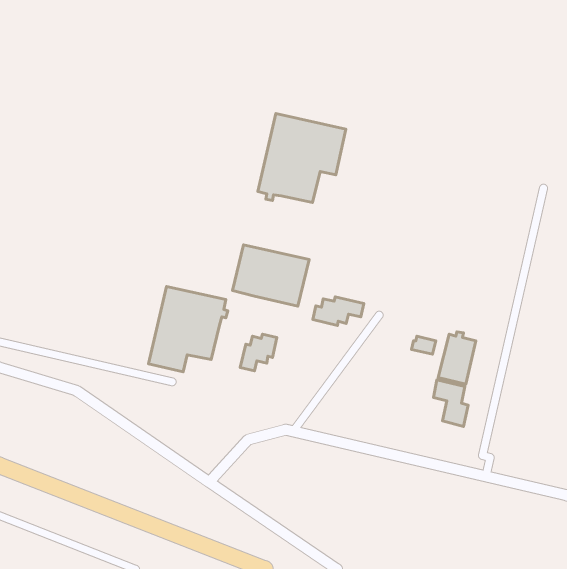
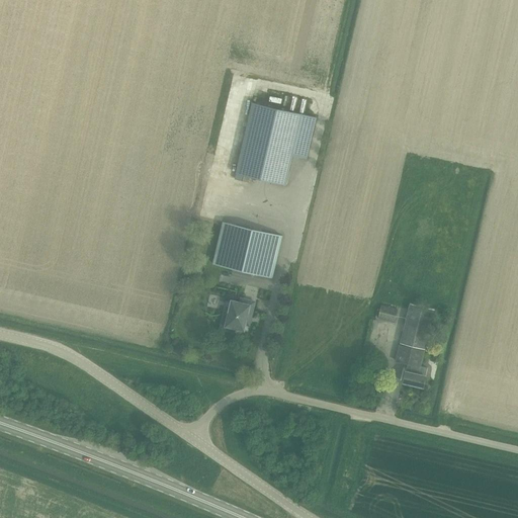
building: [149,286,228,372] -> none
building: [313,297,364,325] -> none

